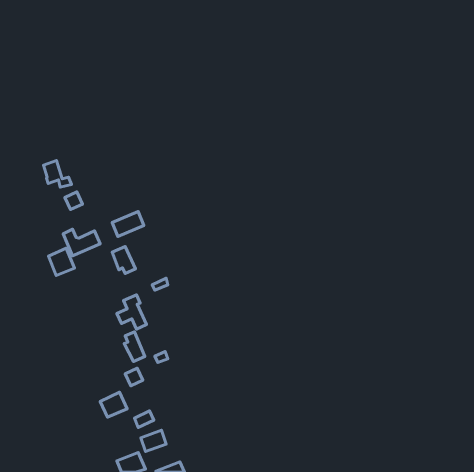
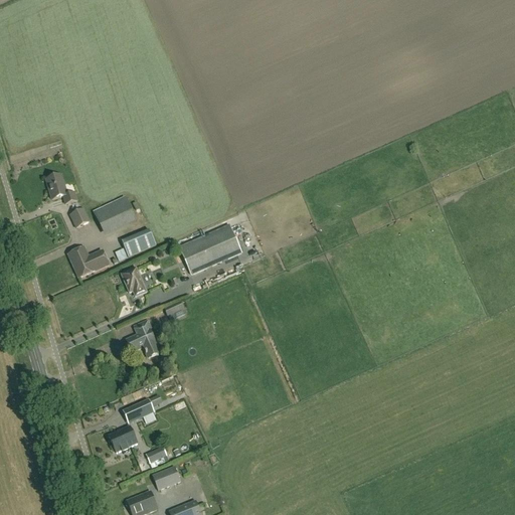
building: none -> [94,196,133,228]
building: none -> [180,226,241,274]
building: [48,248,75,275] -> none
building: [124,332,145,362] -> none

